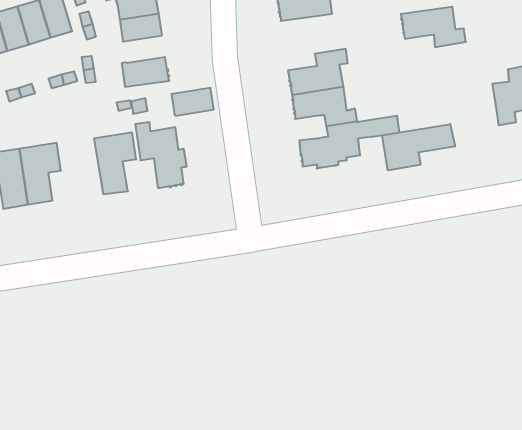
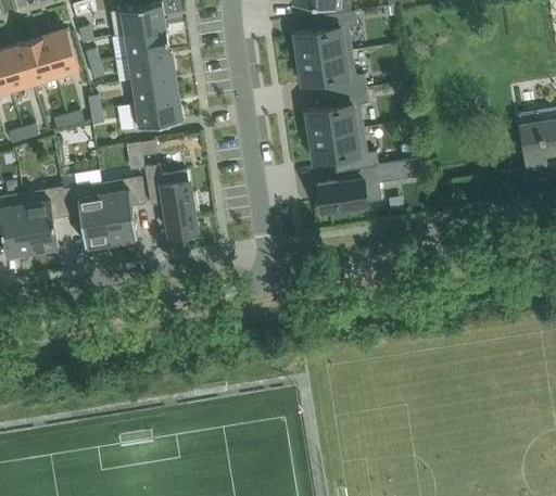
building: [401,7,466,47] -> [296,52,365,94]
building: [171,88,214,116] -> [130,75,175,104]
building: [382,124,455,170] -> none
building: none -> [61,183,110,246]

